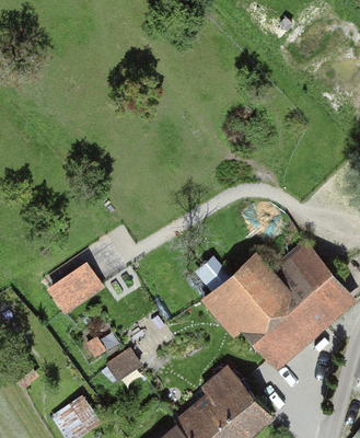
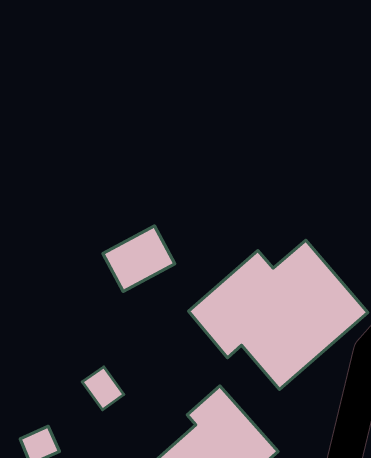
building: [43,252,105,309] -> [103,226,175,292]

